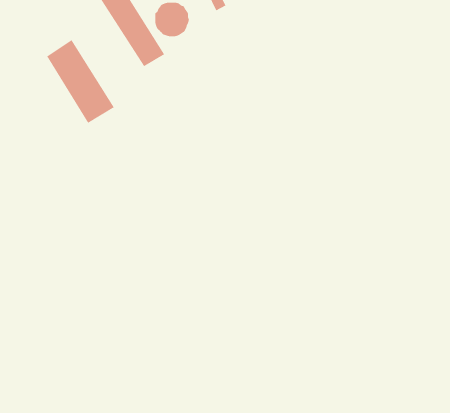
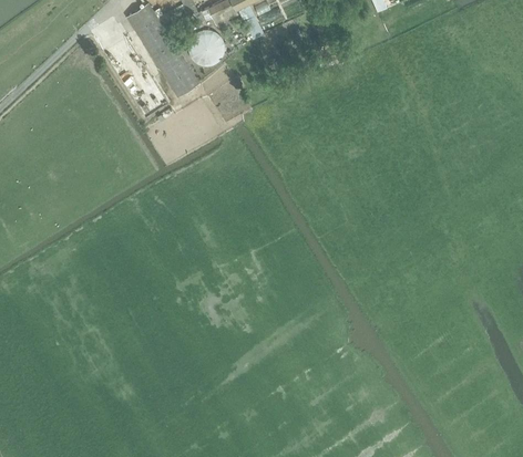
building: [46,39,115,124] -> none

